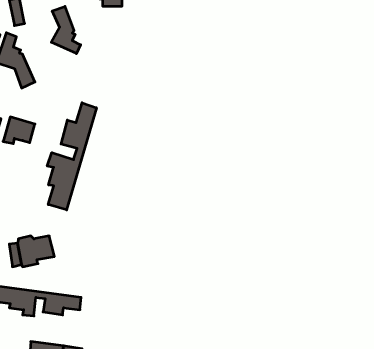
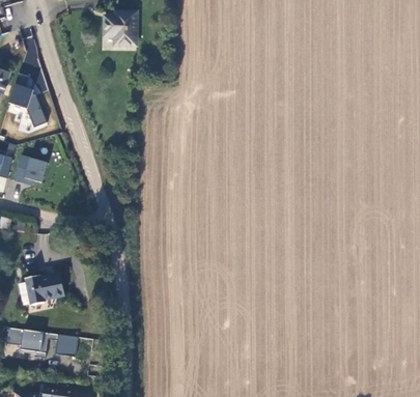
building: [51,6,81,54] -> none
building: [47,103,96,210] -> none

